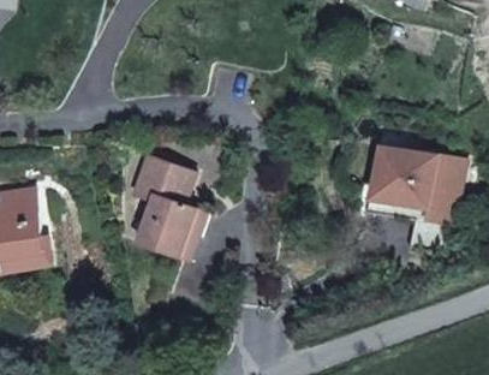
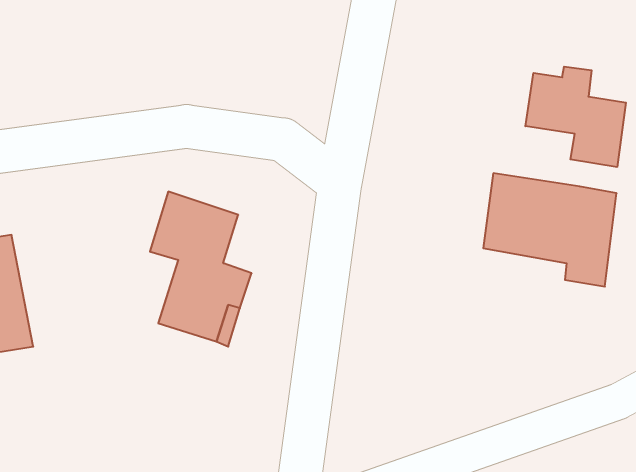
building: none -> [525,67,626,167]

